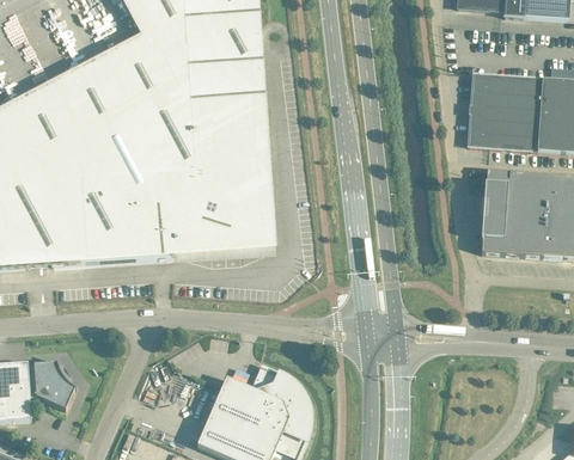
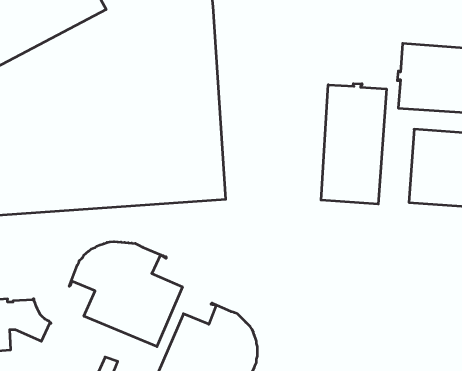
building: none -> [321,84,386,204]
building: none -> [69,242,182,347]

